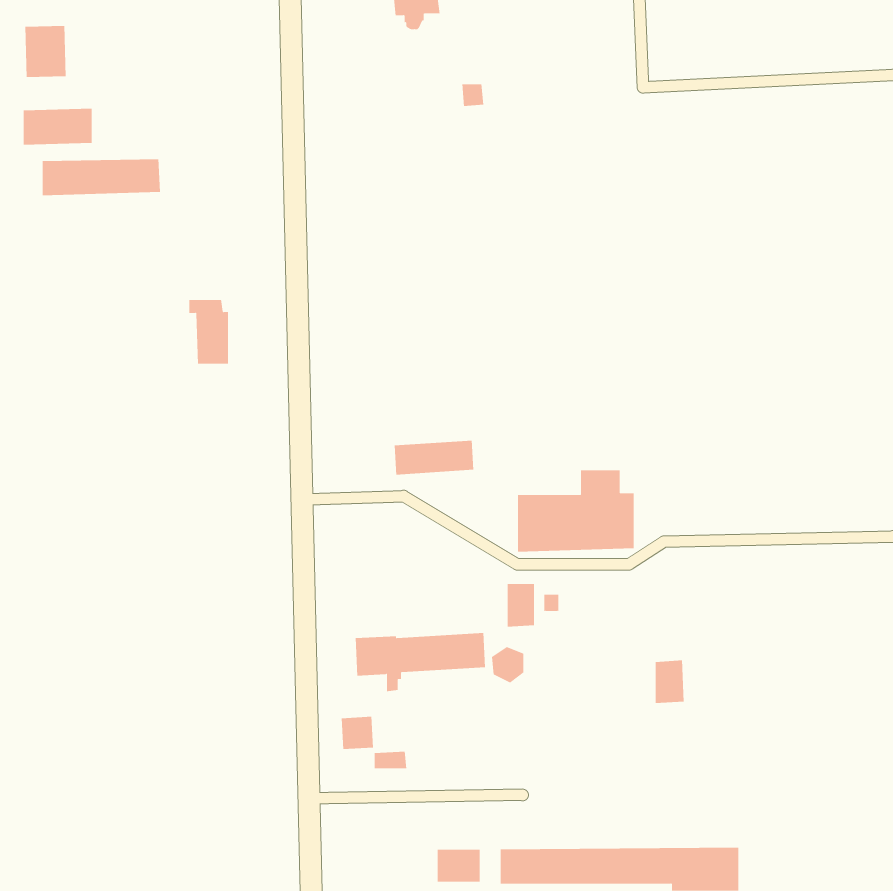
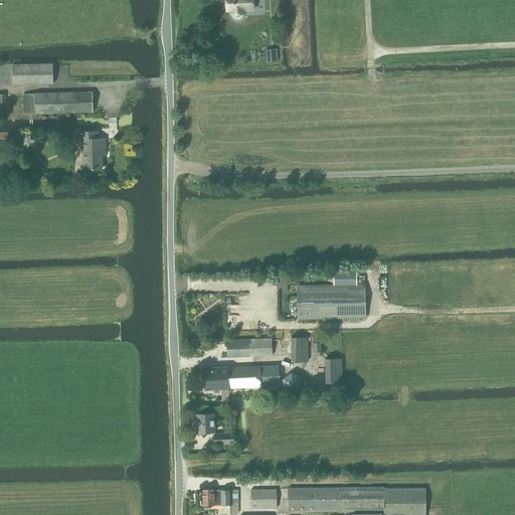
building: [25,25,66,78] -> none
building: [189,299,229,364] -> [78,131,102,168]
building: [394,440,474,475] -> [226,337,273,357]
building: [655,660,685,704] -> [326,357,343,382]
building: none -> [202,489,238,507]

